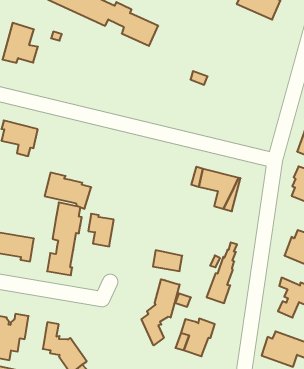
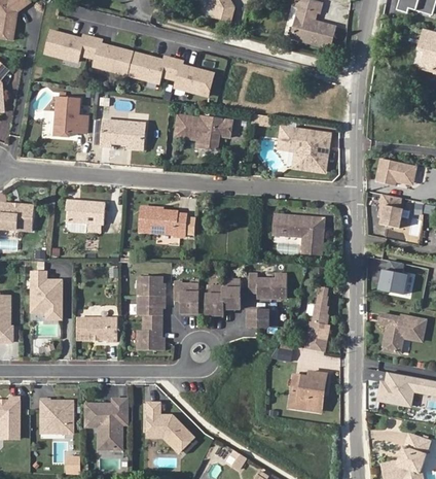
building: none -> [101,119,145,145]
building: none -> [174,113,231,147]
building: none -> [280,127,329,170]
building: [45,173,91,209] -> [140,205,187,237]
building: none -> [206,278,239,314]
building: none -> [248,274,283,298]
building: [142,279,180,345] -> none

